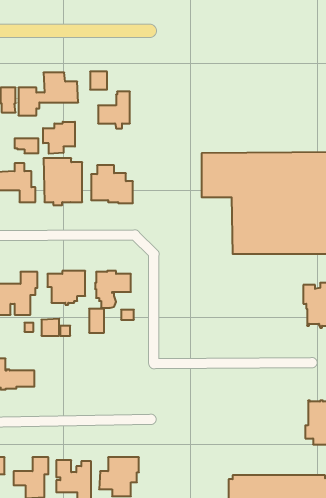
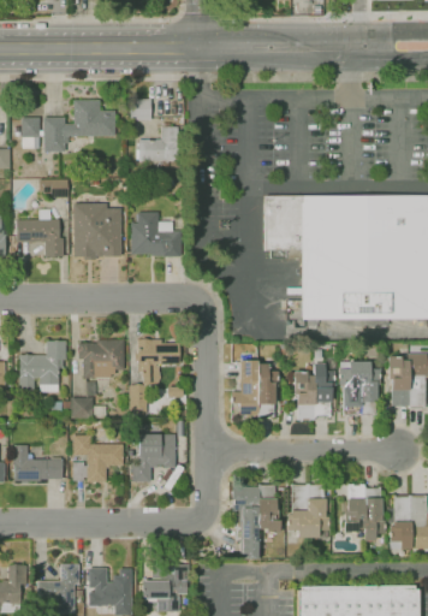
building: [43,122,75,154] -> none
building: none -> [292,359,334,420]
building: none -> [231,360,278,415]
building: none -> [339,361,380,416]
building: none -> [132,434,176,481]
building: none -> [72,436,123,481]
building: none -> [232,474,279,558]
building: none -> [287,484,331,538]
building: none -> [341,484,385,541]

